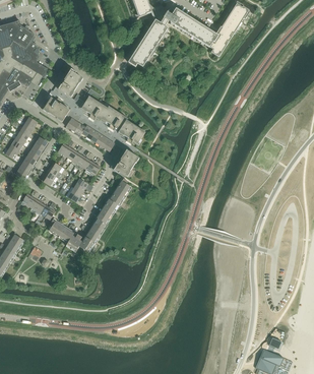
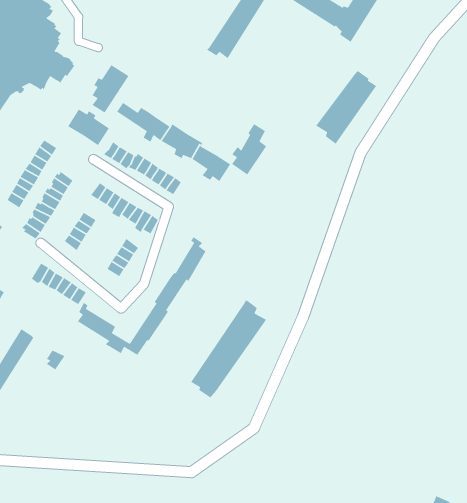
building: none -> [315,70,377,145]
building: [115,142,137,175] -> [231,123,267,176]
building: none -> [190,299,267,398]

